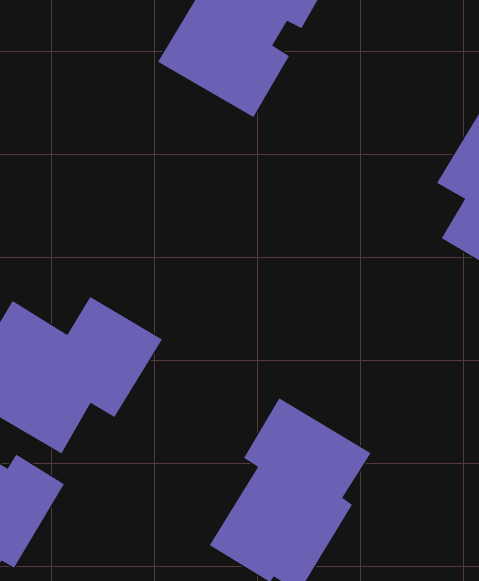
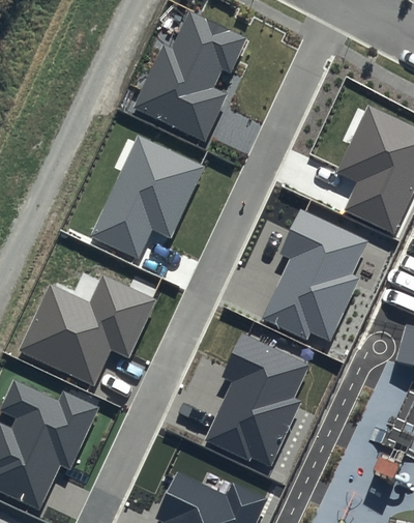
building: none -> [89,135,205,260]
building: none -> [262,210,368,341]

